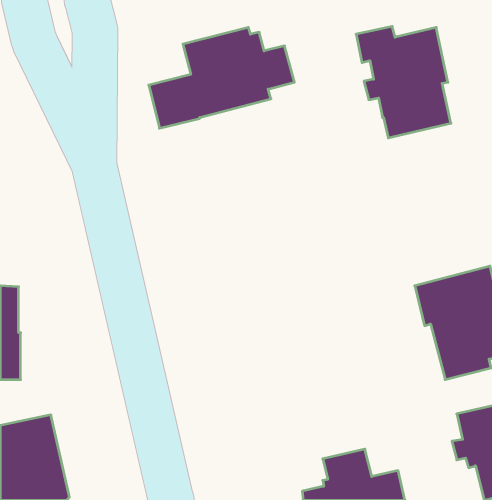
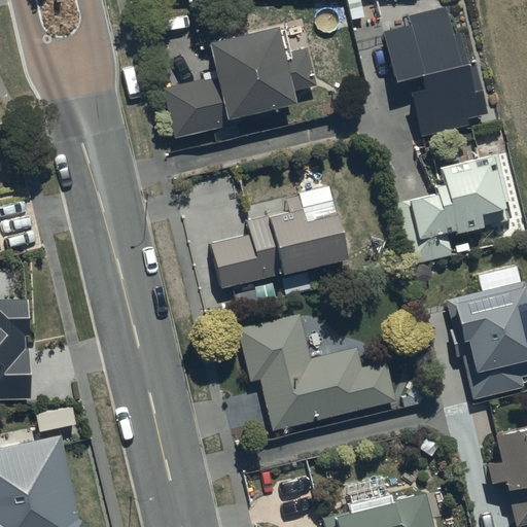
building: none -> [405,154,517,264]
building: none -> [210,187,339,288]
building: none -> [239,315,395,429]

